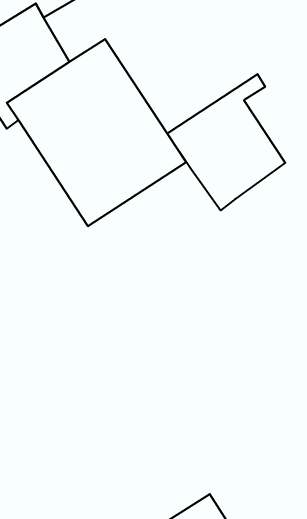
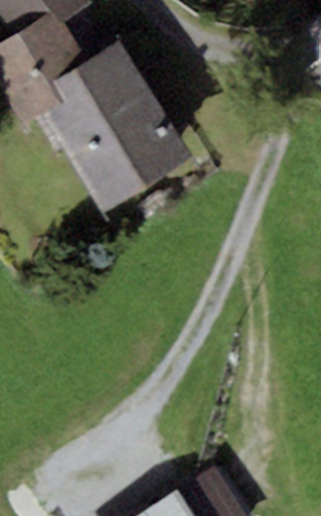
building: [167,74,285,210] -> none

